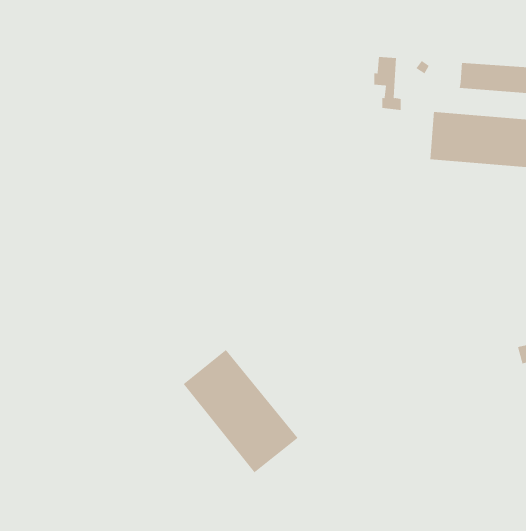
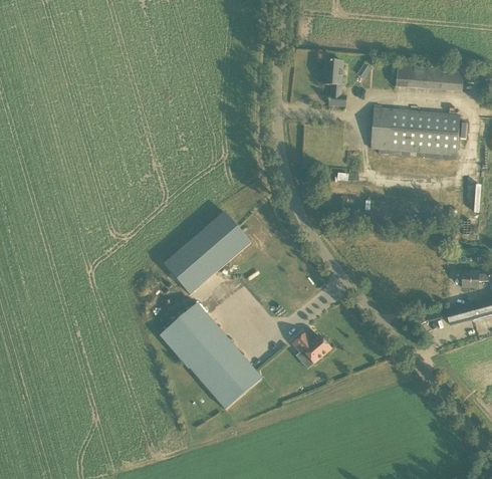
building: none -> [166,209,253,292]
building: none -> [286,334,324,365]

